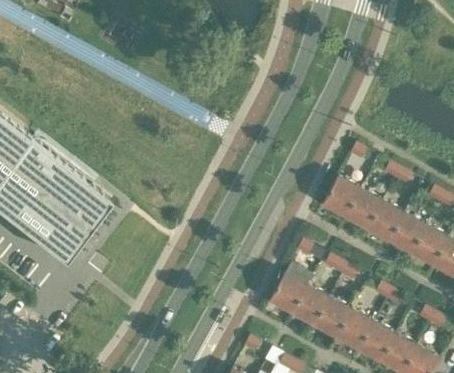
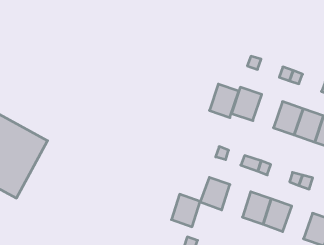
building: [346,189,383,229] -> [209,84,239,118]
building: [294,285,330,324] -> [171,194,200,227]
building: [359,321,396,360] -> none

